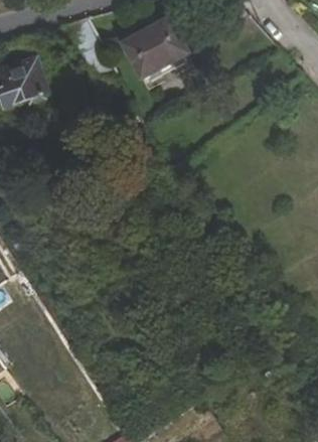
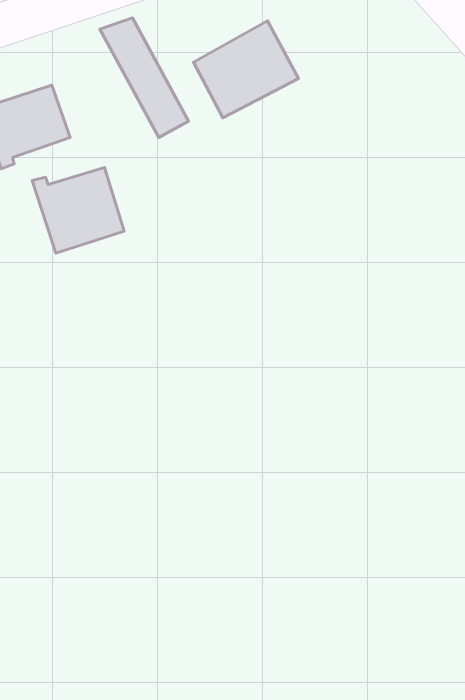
building: none -> [32,168,124,253]

